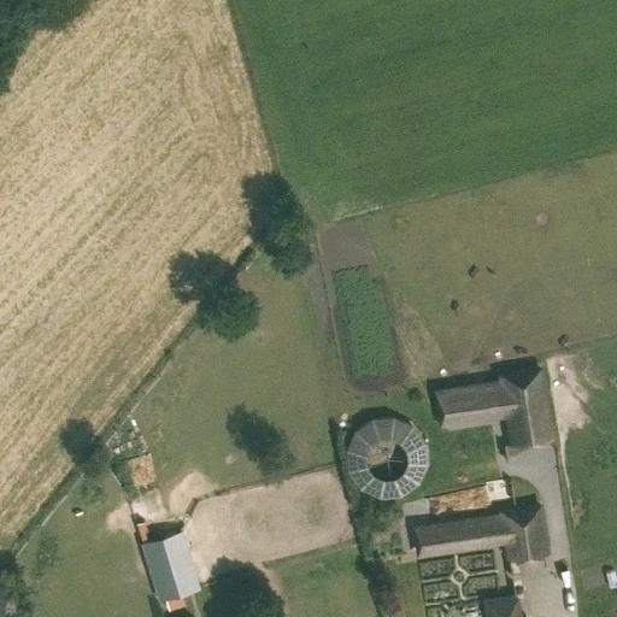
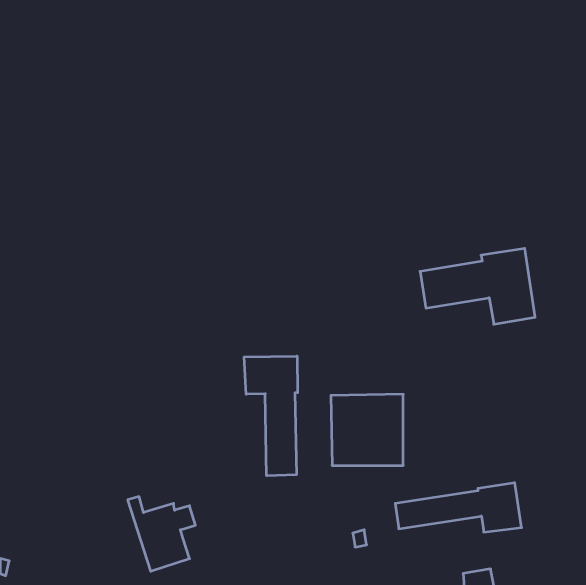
building: [434,366,554,446] -> [420,248,535,324]
building: none -> [244,356,298,476]

